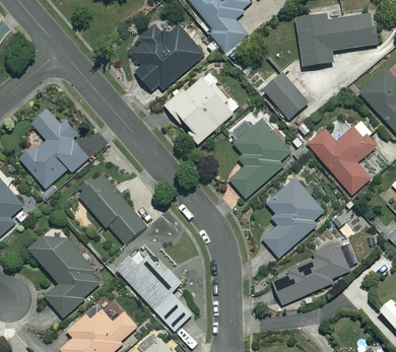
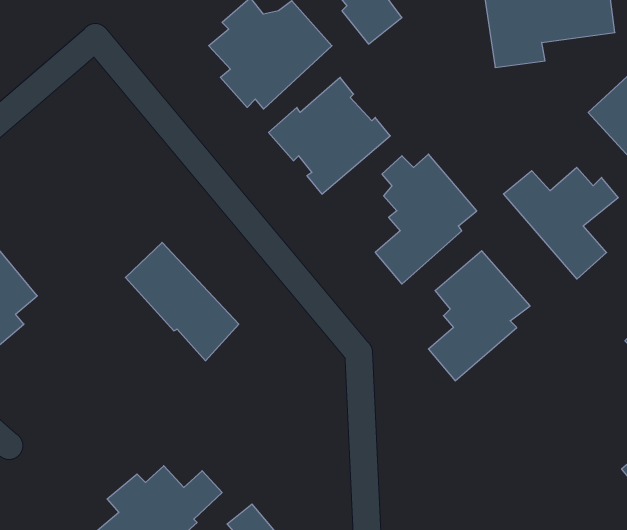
building: [263,73,308,120] -> none
building: [20,110,89,188] -> none
building: [29,235,101,318] -> none
building: [117,242,192,331] -> none
building: [271,242,350,304] -> none

